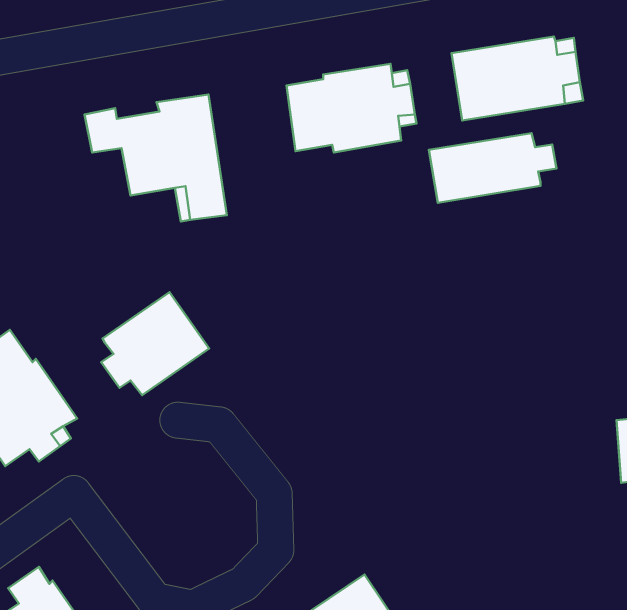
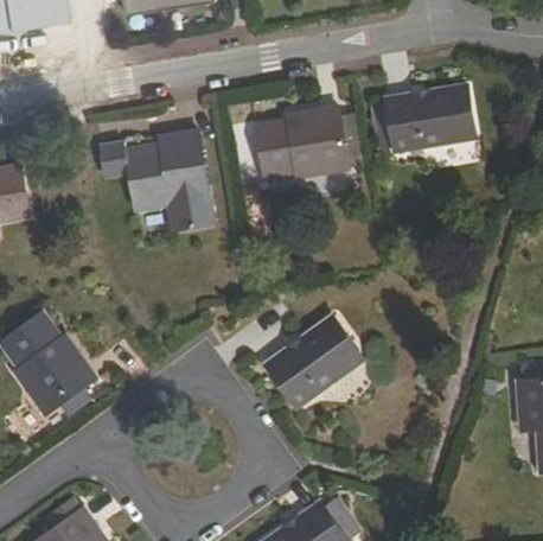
building: [429,133,557,203] -> none
building: [101,292,209,395] -> none
building: none -> [262,317,360,407]

